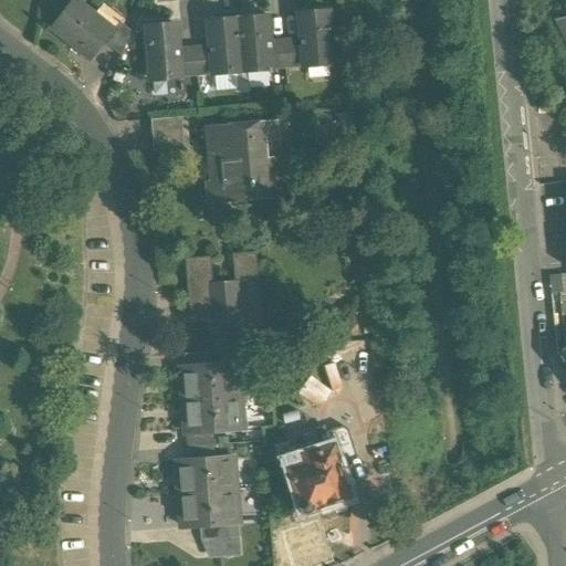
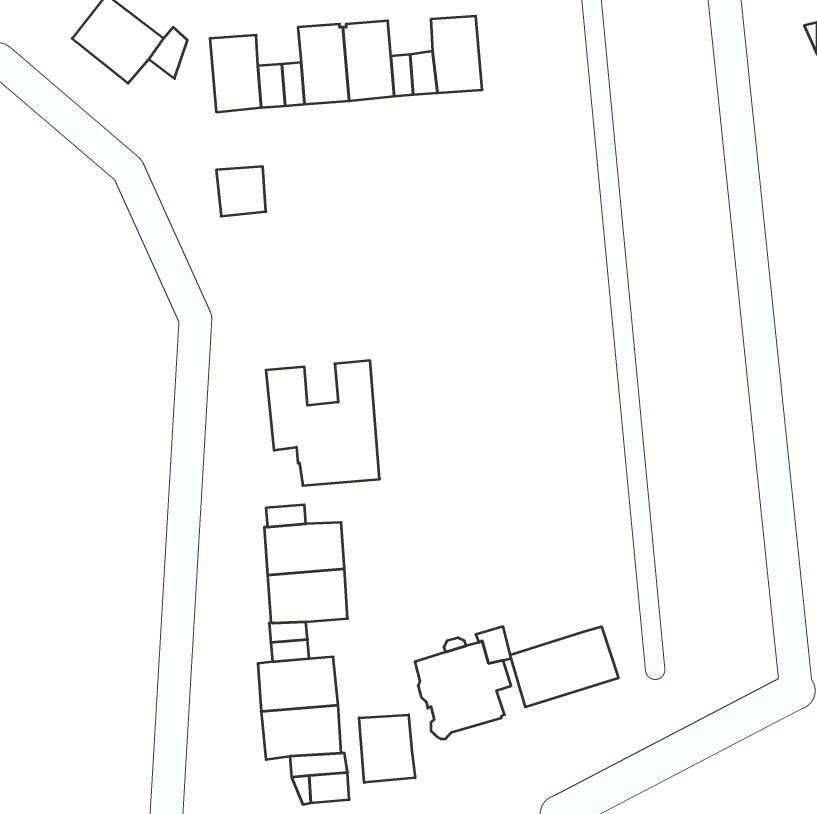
building: [208,120,284,193] -> none
building: none -> [510,627,618,707]
building: none -> [359,715,415,783]

